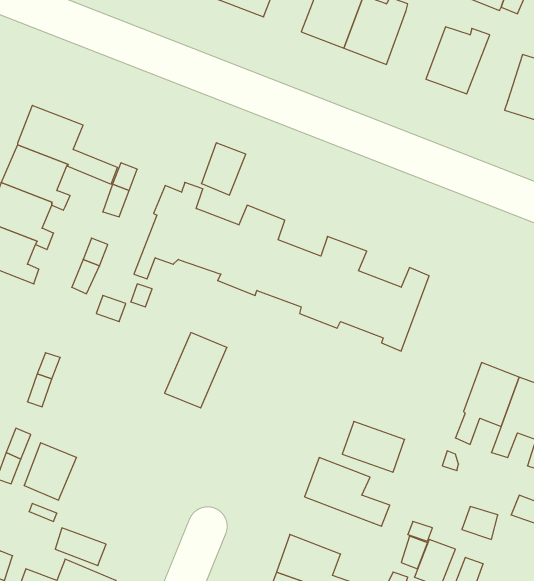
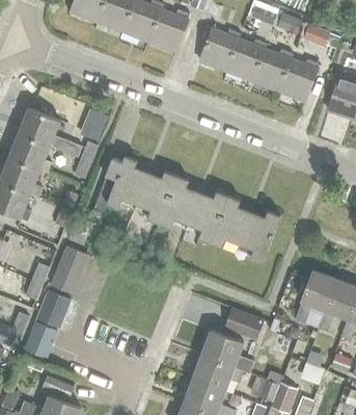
building: none -> [252,47,292,90]
building: [201,143,246,195] -> [80,108,108,141]
building: [165,333,227,408] -> [49,245,88,293]
building: none -> [35,290,70,327]
building: none -> [191,356,244,392]

